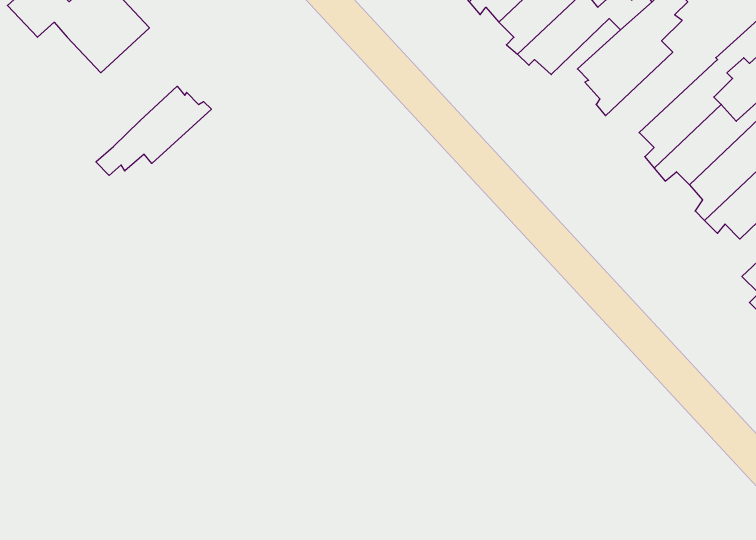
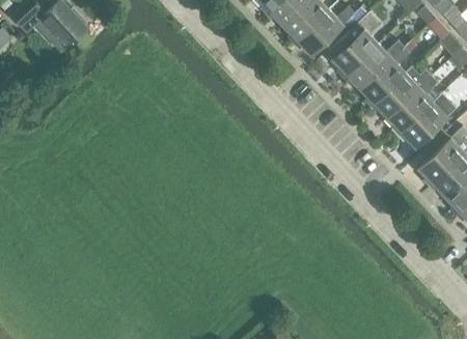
building: none -> [341,39,404,86]
building: [96,86,211,175] -> none

